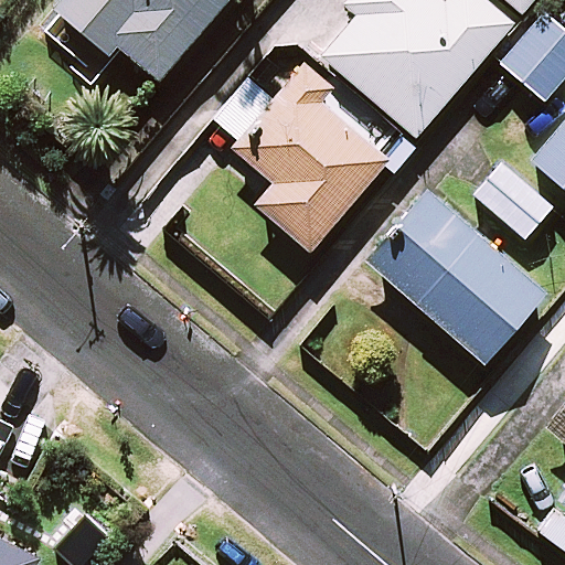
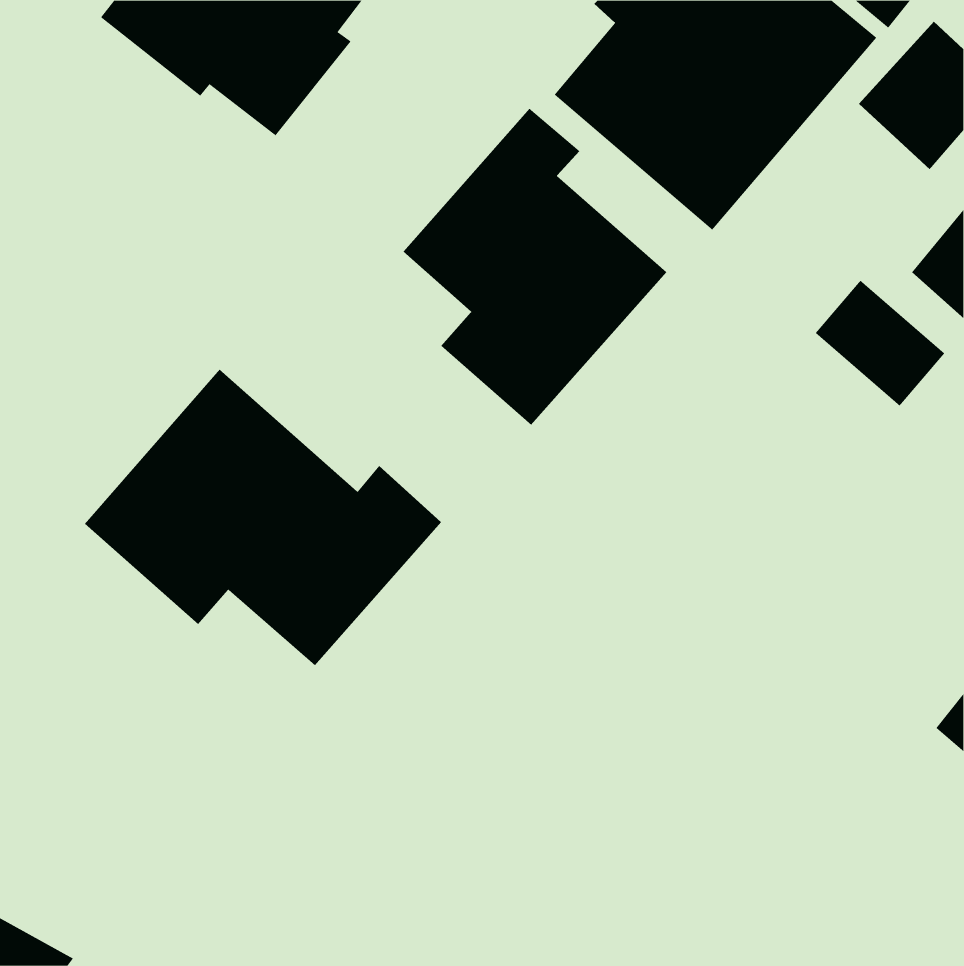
building: [370,192,545,383] -> none
building: none -> [84,369,442,666]

